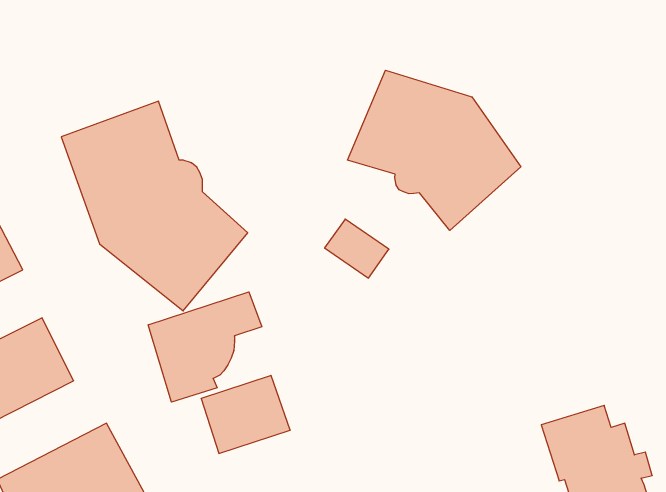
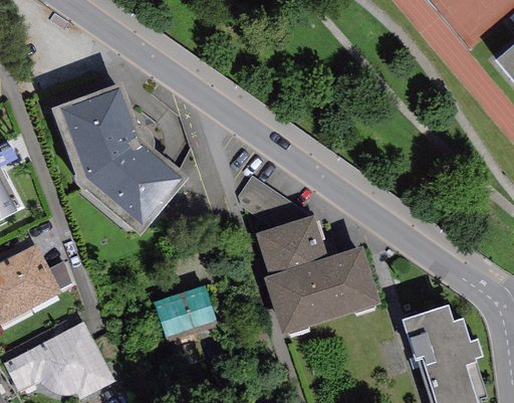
building: [348,70,521,230] -> none
building: none -> [256,215,380,335]
building: [148,292,262,402] -> none

